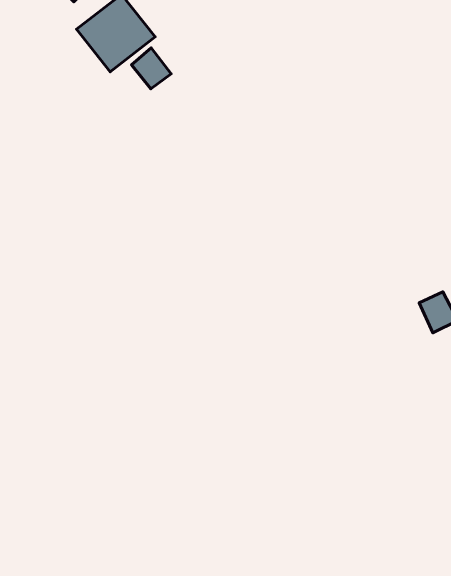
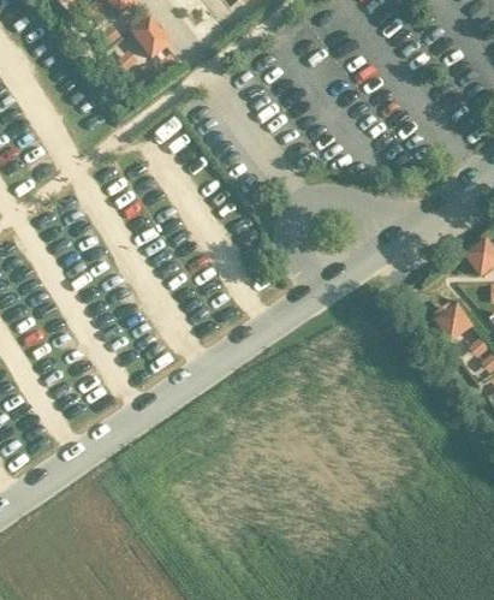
building: [132,48,171,89] -> none

